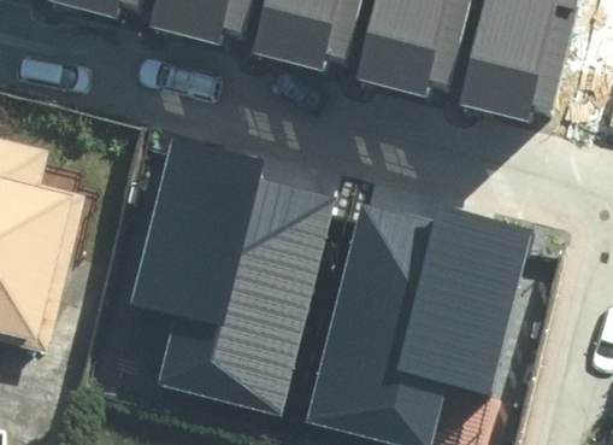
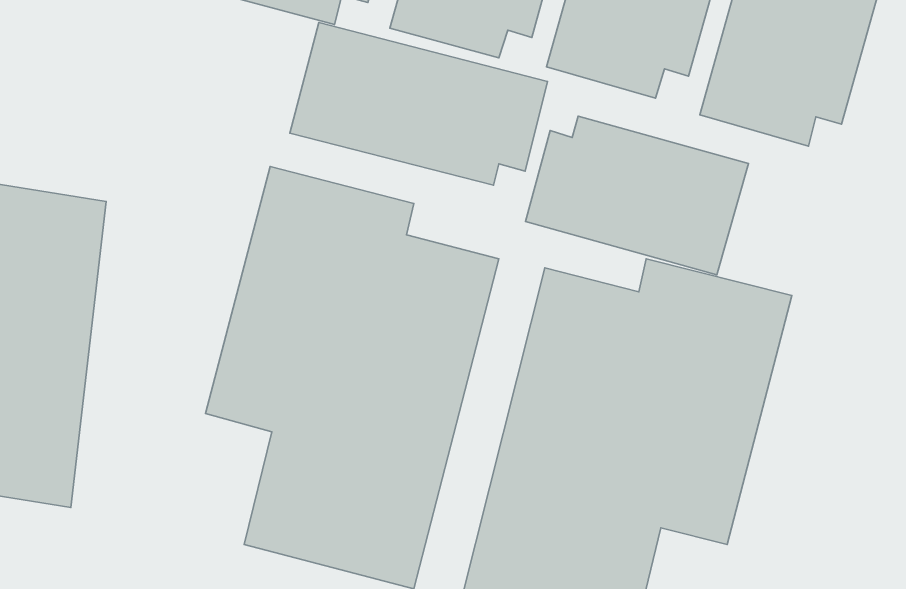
building: none -> [290,23,547,185]
building: none -> [525,116,748,275]

